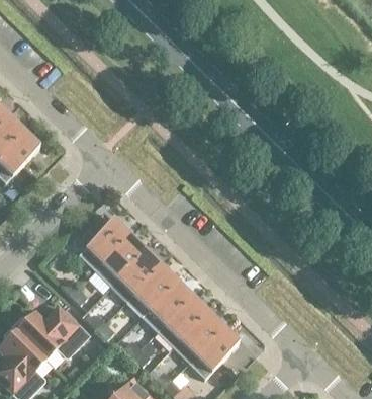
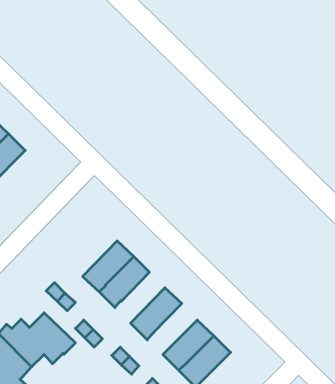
building: [80,211,129,269] -> none
building: [127,265,176,315] -> none
building: [159,296,207,345] -> none

